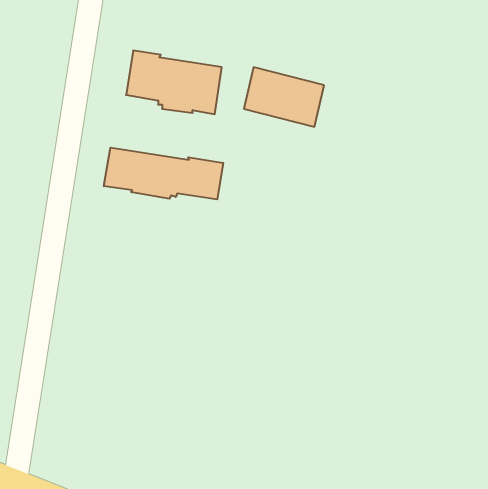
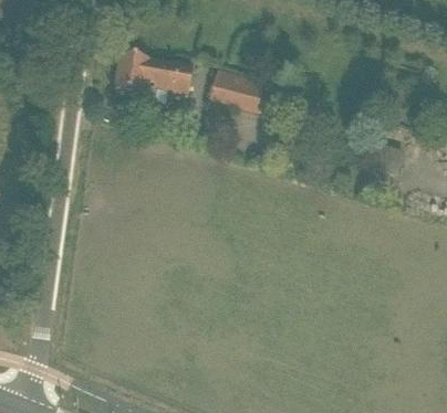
building: [104,148,223,199] -> none

